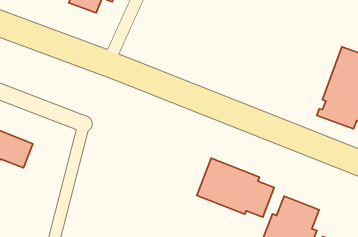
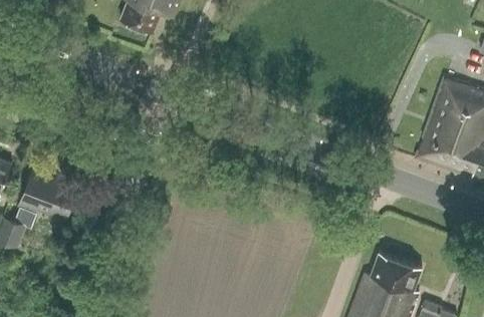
building: [197,158,274,217] -> none

